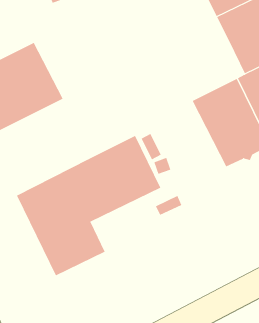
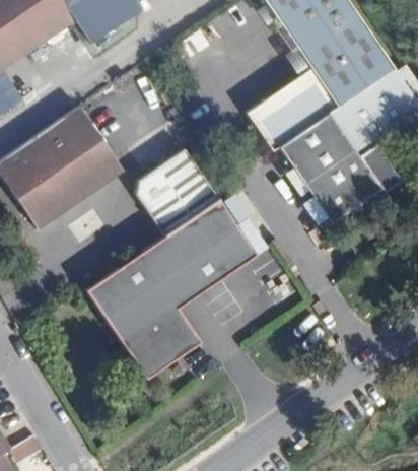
building: none -> [251,69,338,149]
building: none -> [136,146,219,234]

